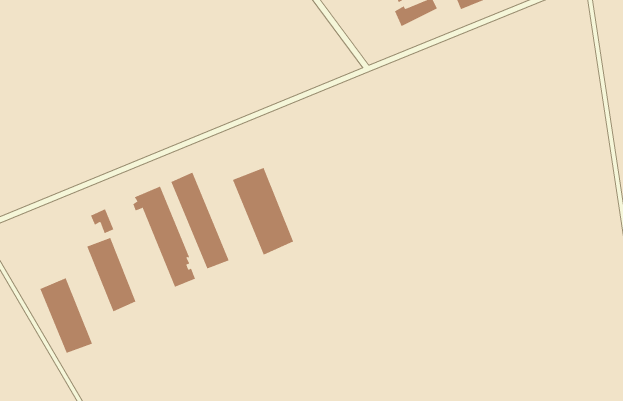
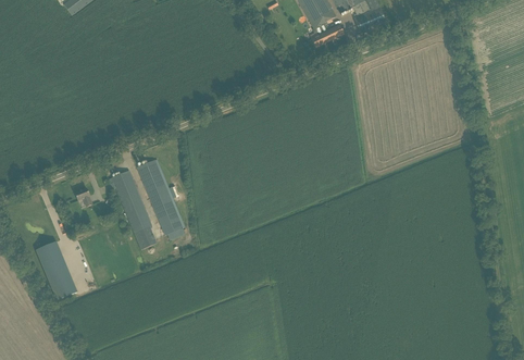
building: [232,167,294,256] -> none
building: [87,237,136,312] -> none

